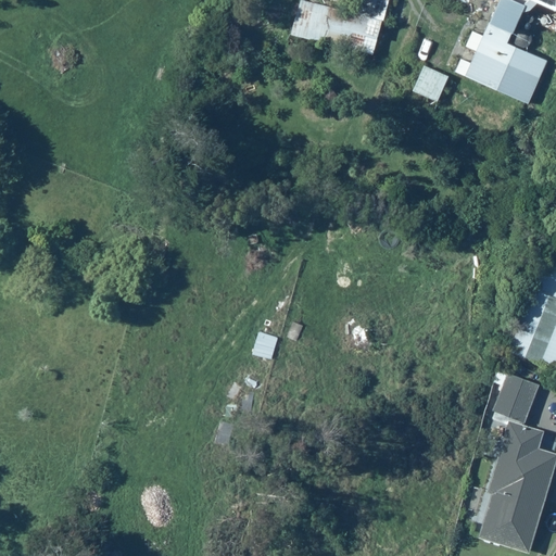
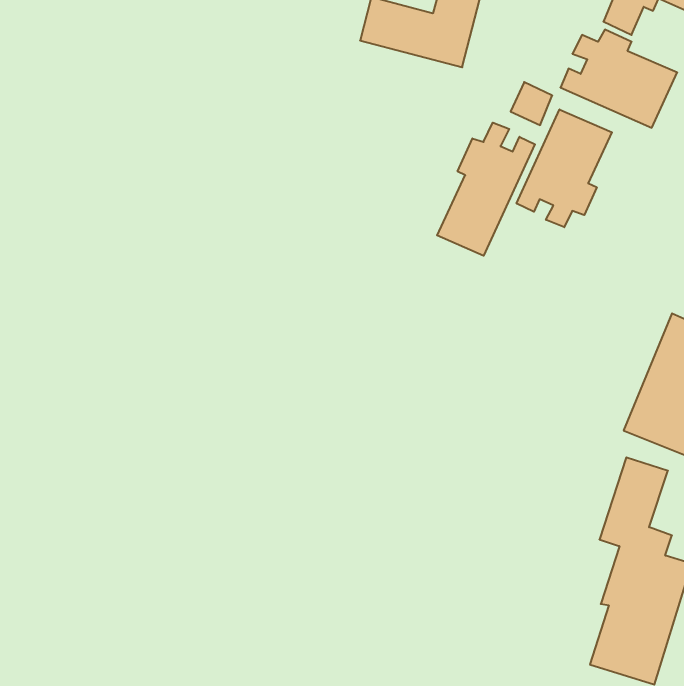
building: none -> [517,109,612,227]
building: none -> [437,123,535,256]

